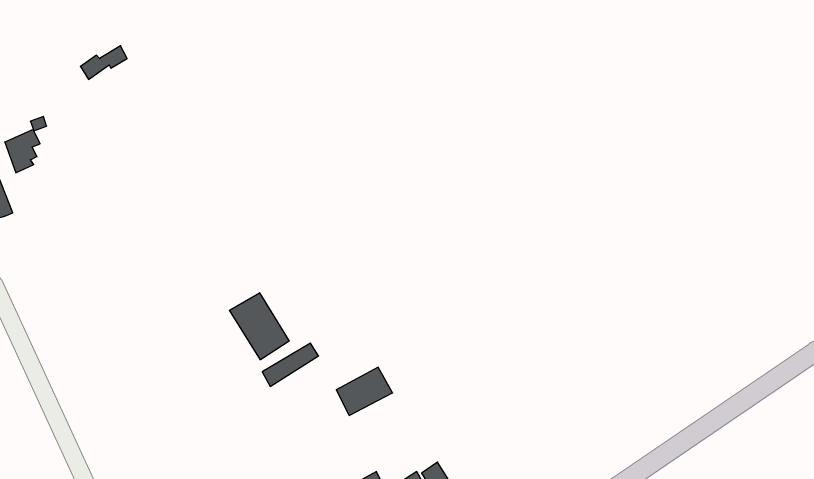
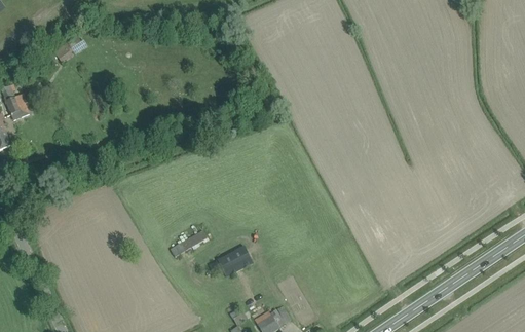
building: [229,293,289,360] -> none

